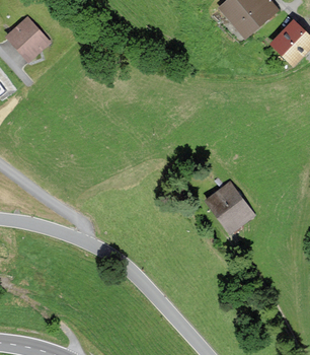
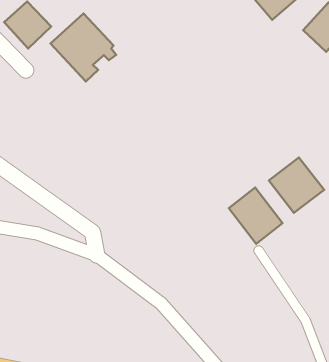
building: none -> [51,13,116,82]
building: none -> [269,157,324,213]

